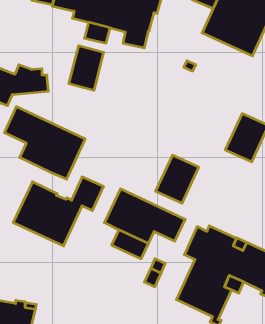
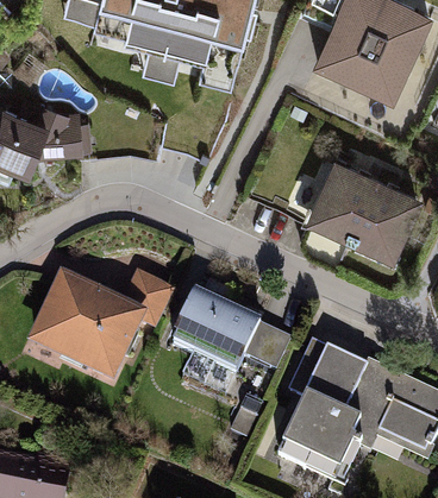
building: [69,46,104,90] -> none
building: [4,107,85,179] -> none
building: [156,155,199,203] -> [312,165,376,237]

